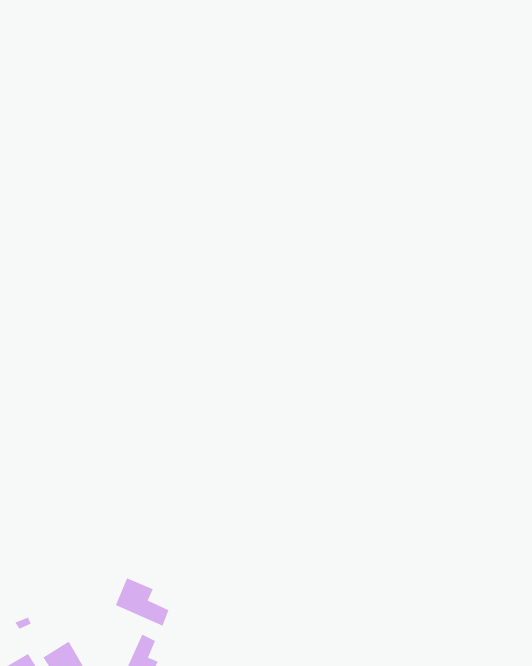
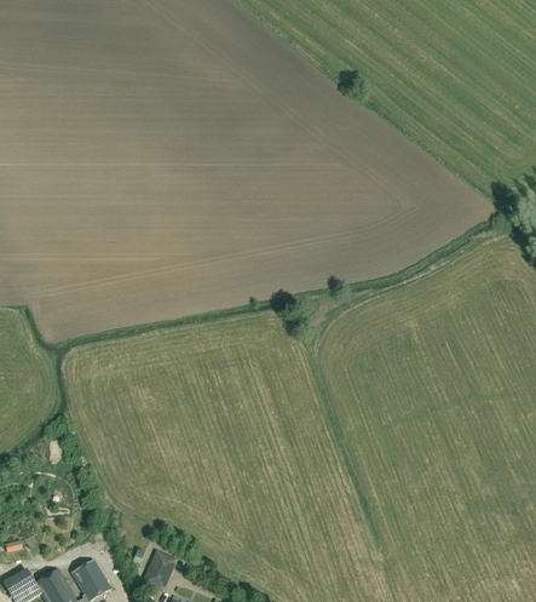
building: [115,578,169,627] -> none

